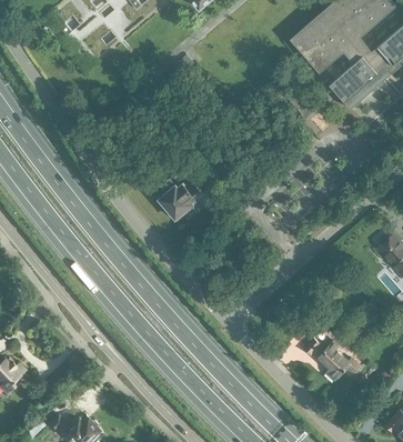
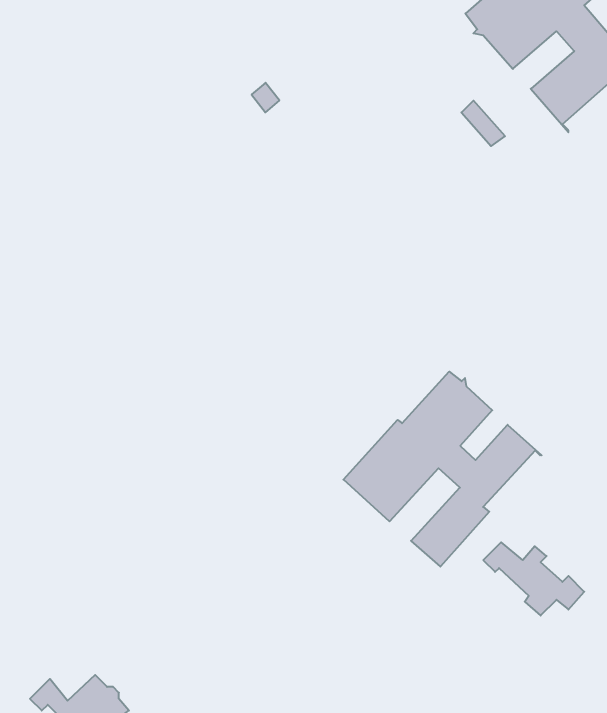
building: [155,178,206,221] -> none
building: none -> [343,372,542,567]

